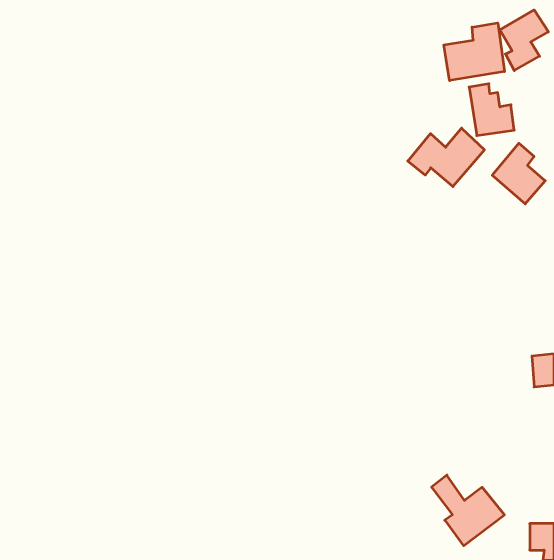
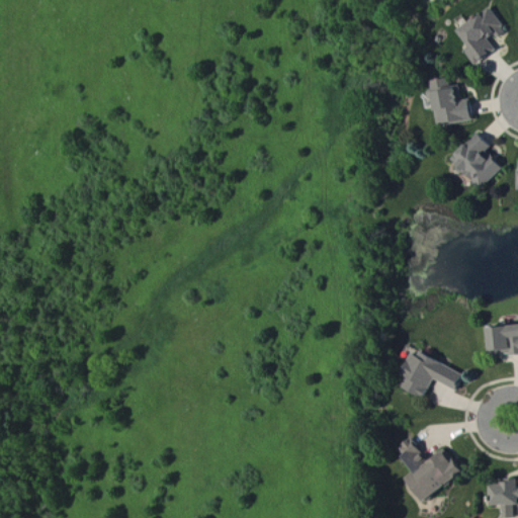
building: [444,23,504,81] -> none
building: [408,128,484,187] -> none
building: none -> [399,352,463,397]

